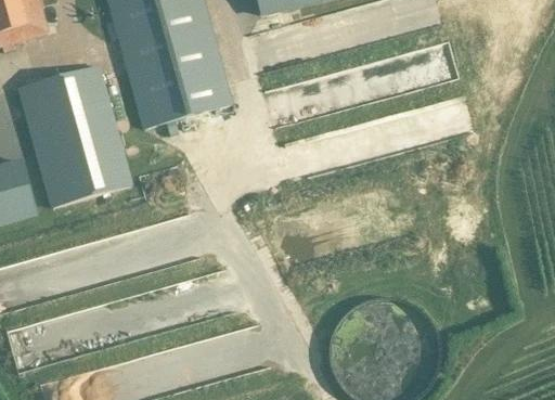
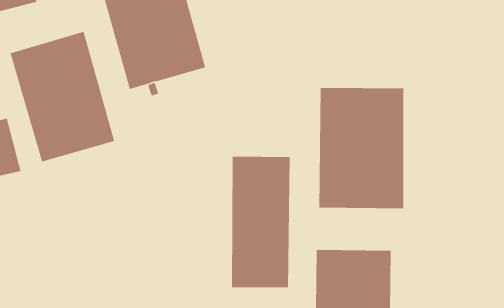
building: none -> [319,87,404,209]
building: none -> [231,156,290,288]

